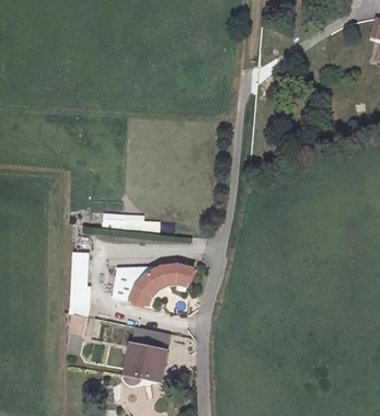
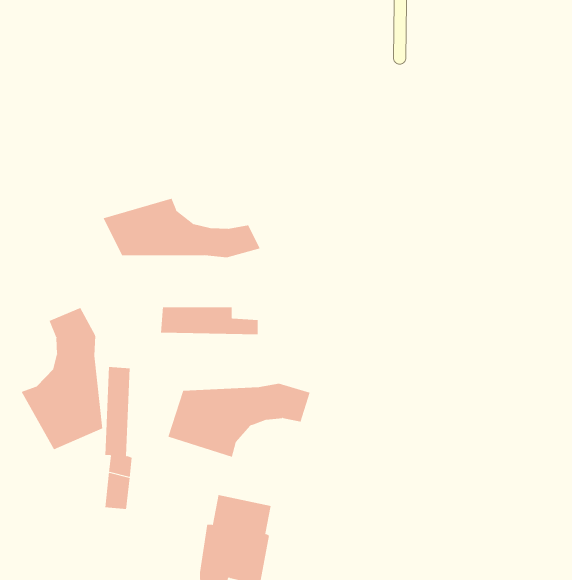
building: none -> [103,198,260,258]
building: none -> [21,307,103,450]

